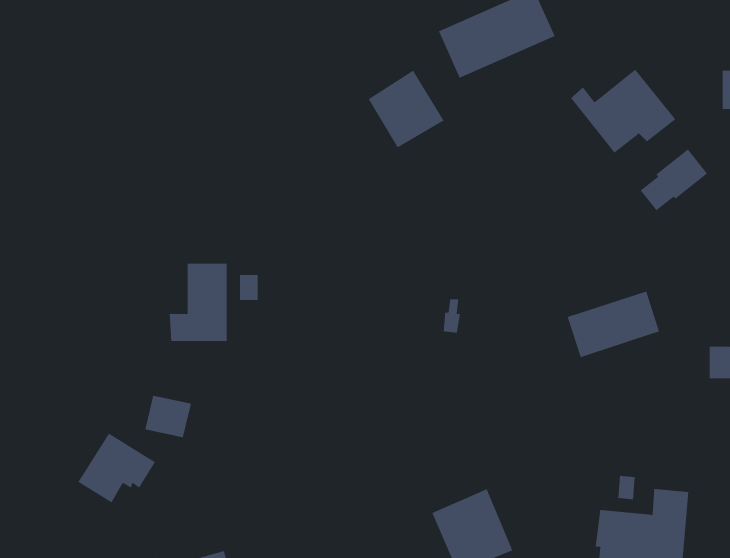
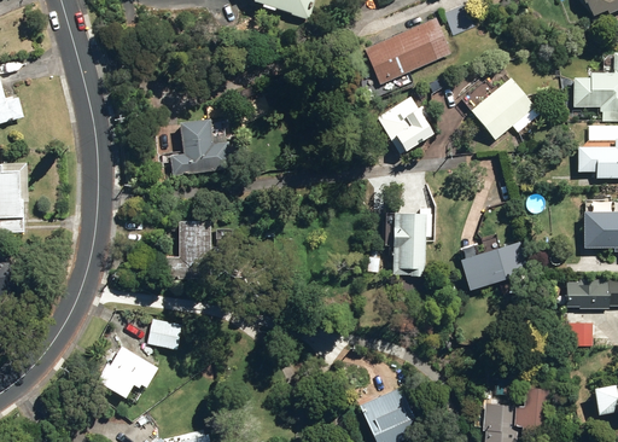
building: [368,70,445,148] -> [377,95,433,153]
building: none -> [170,118,229,174]
building: [640,149,708,211] -> none
building: none -> [391,211,426,275]

